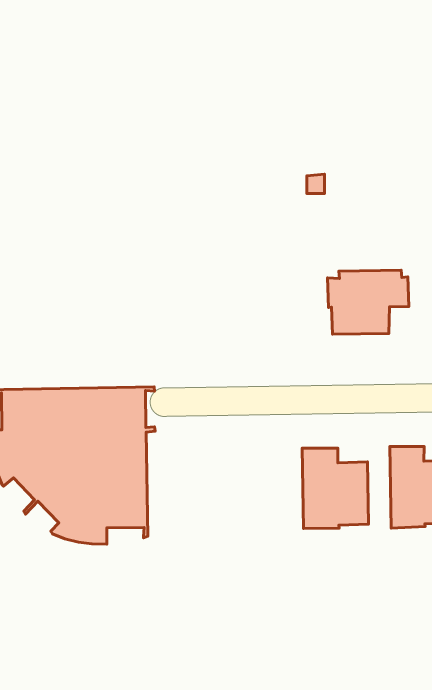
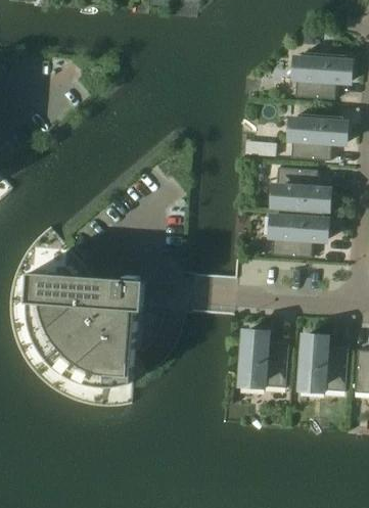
building: none -> [292,51,350,99]
building: none -> [287,112,344,159]
building: none -> [271,167,328,214]

